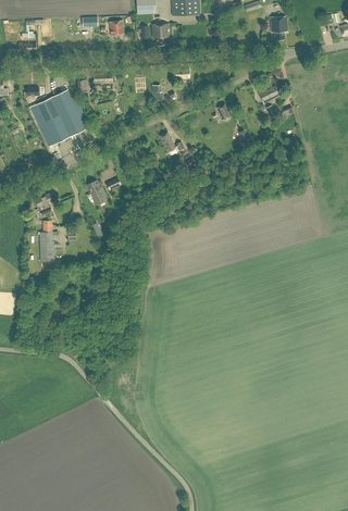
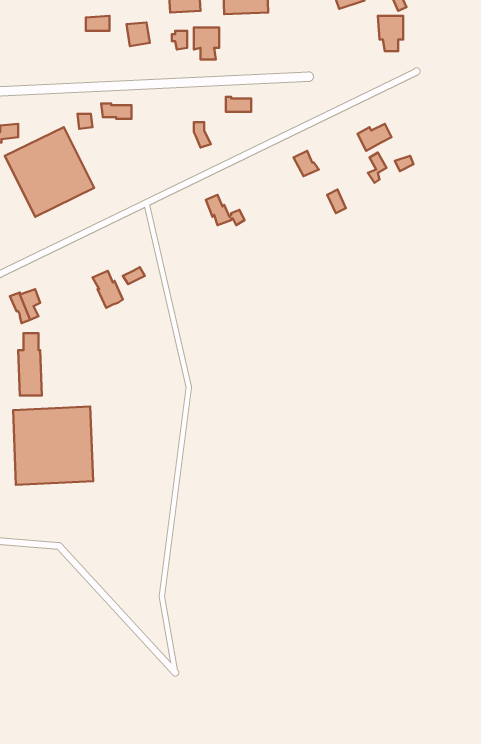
building: none -> [13,407,93,485]

